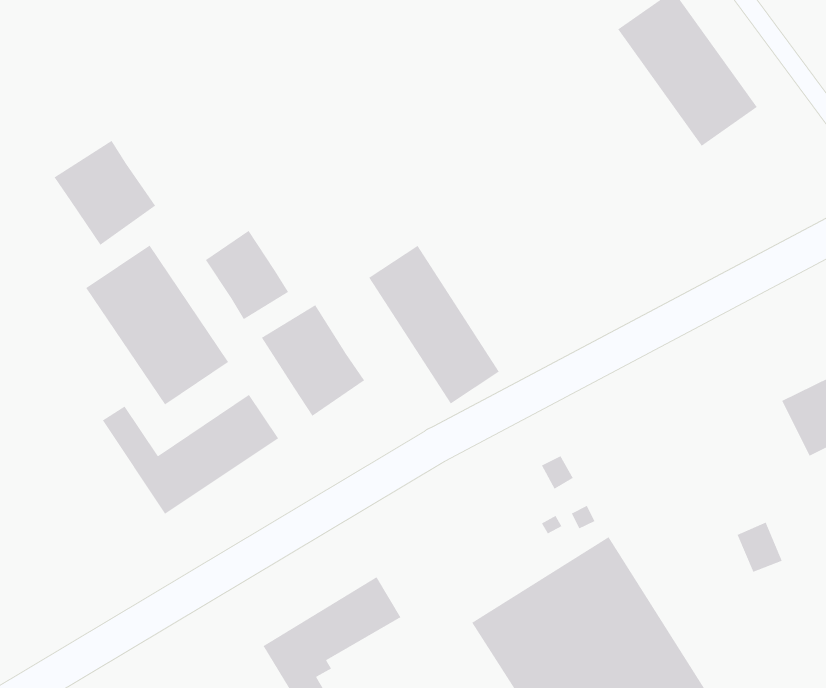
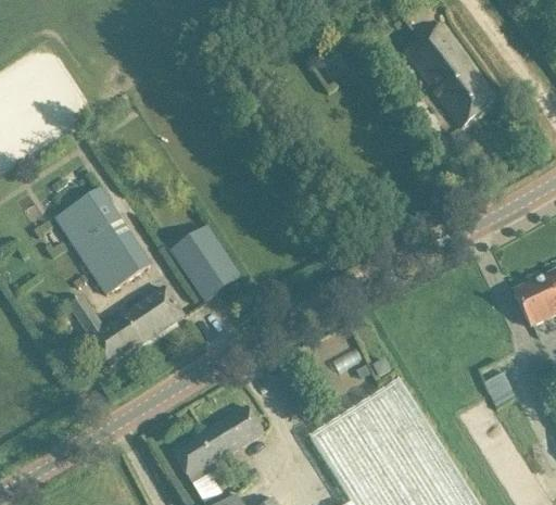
building: [54,140,156,246] -> none
building: [205,230,289,320] -> none
building: [368,245,500,404] -> none

